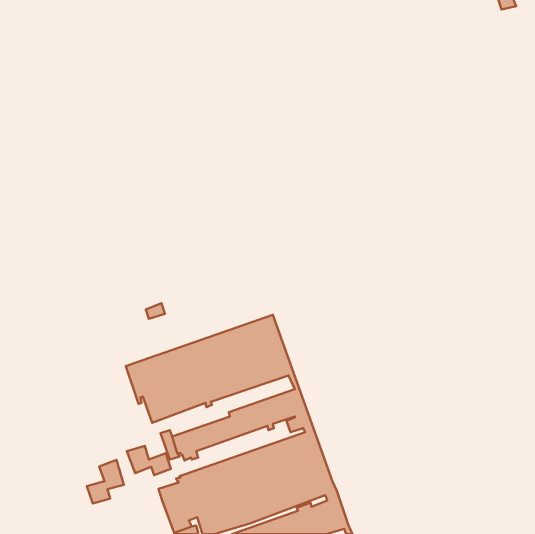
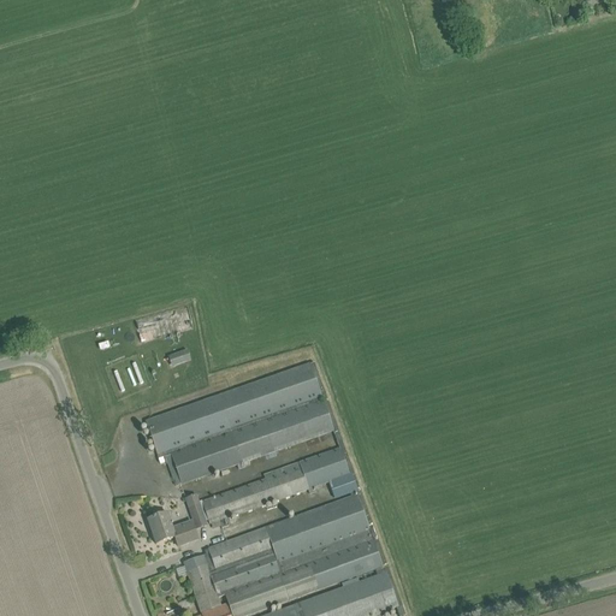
building: [87,460,124,504] -> none

